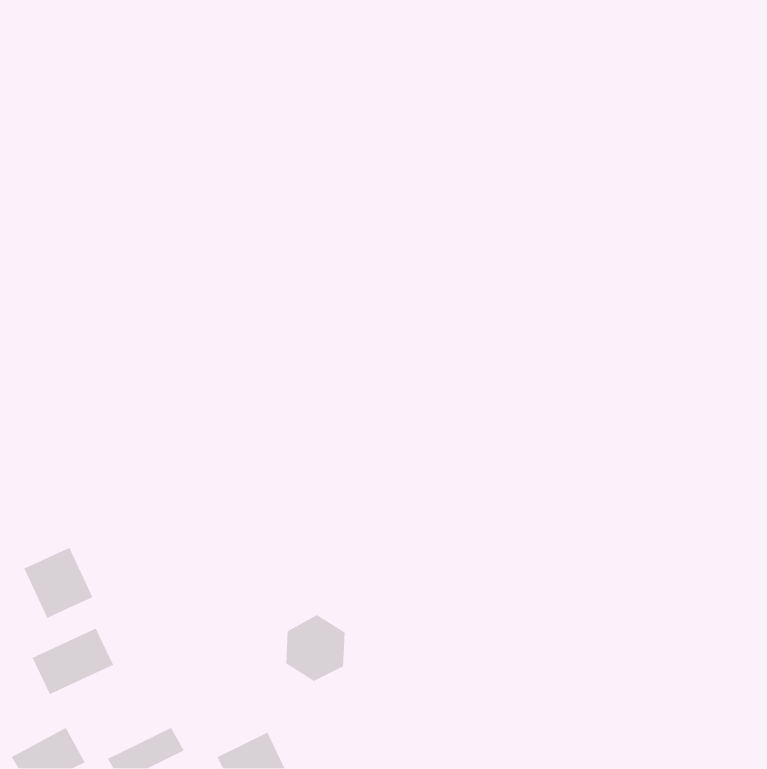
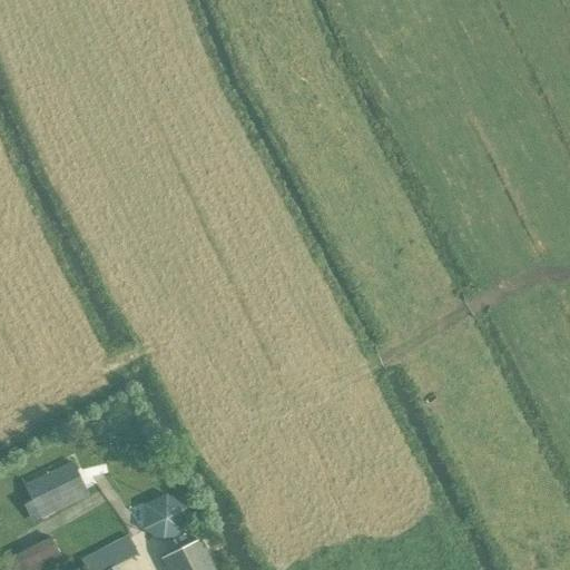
building: [23,547,93,619] -> none
building: [285,614,345,682] -> [140,494,185,544]

